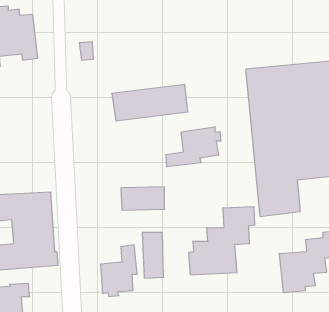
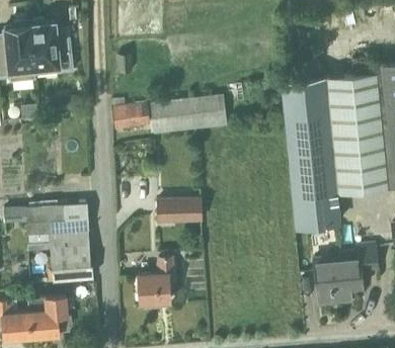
building: none -> [111,107,148,129]
building: [166,127,221,167] -> none
building: [189,207,255,275] -> none

